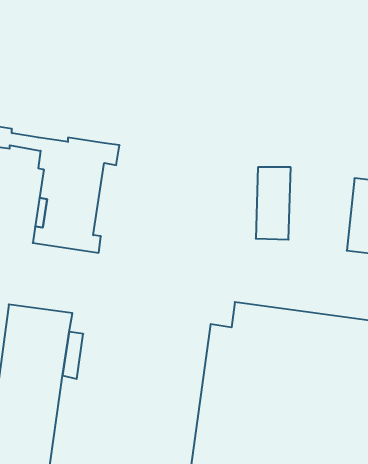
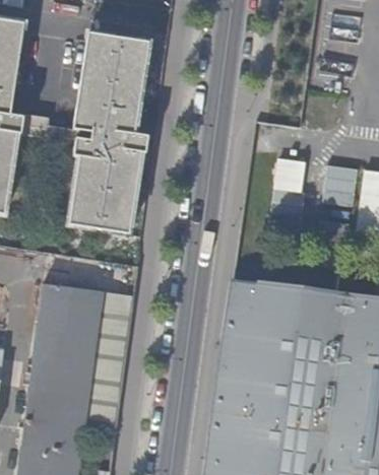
building: none -> [72,31,147,133]
building: none -> [324,162,358,200]

